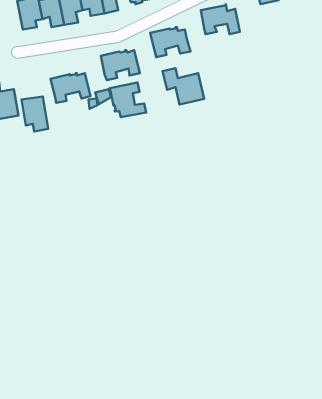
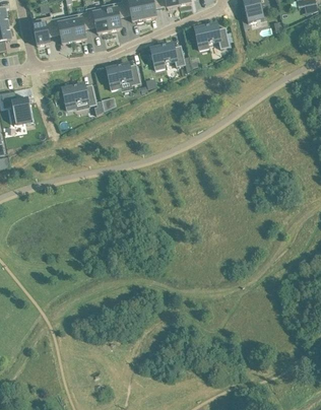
building: [163,68,204,104] -> none
building: [110,83,146,117] -> none
building: [21,97,48,132] -> none

